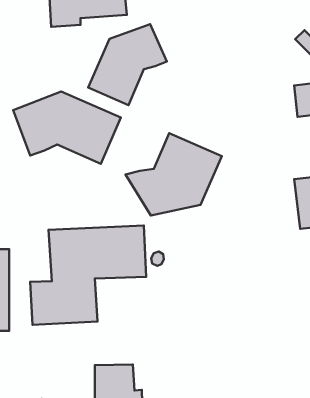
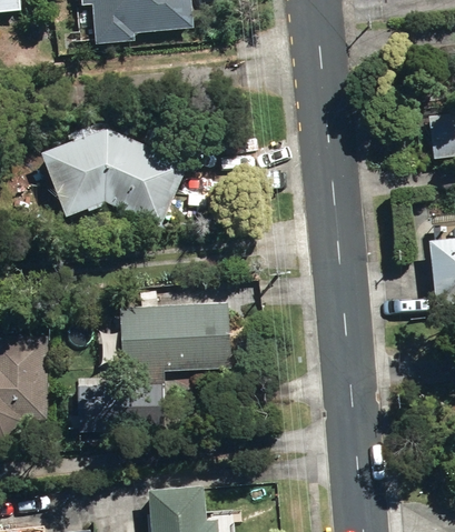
building: [88,24,167,105] -> none
building: [125,133,222,216] -> none

